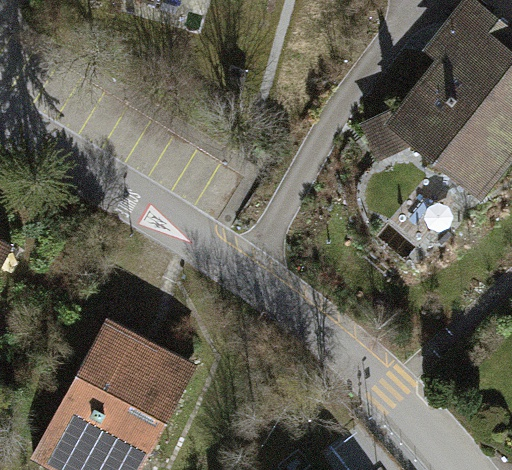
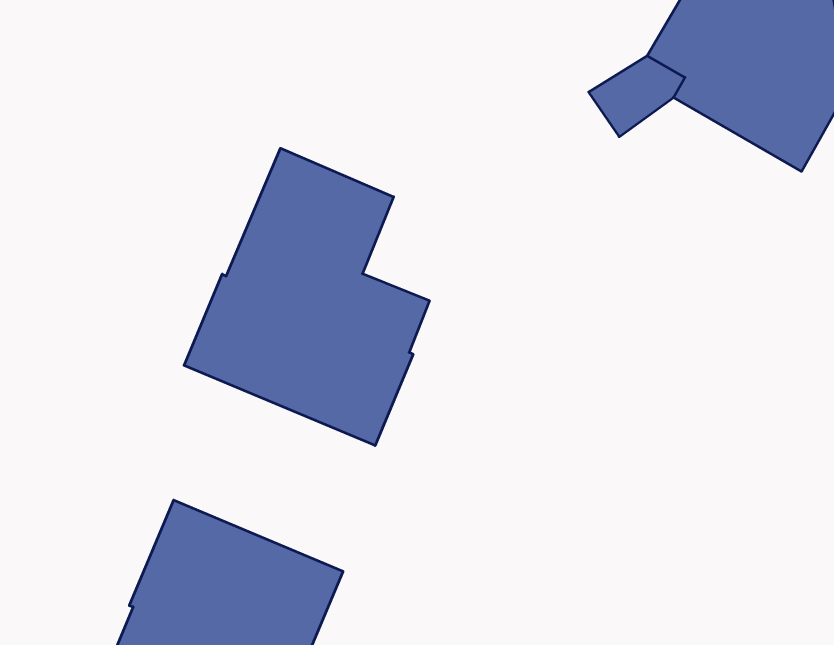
building: none -> [184,148,429,446]

